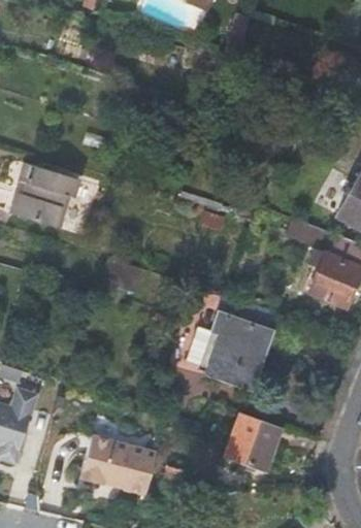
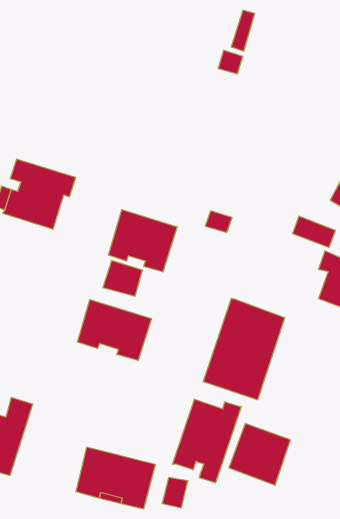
building: none -> [108,210,177,272]
building: none -> [78,300,151,361]
building: none -> [173,399,241,483]

